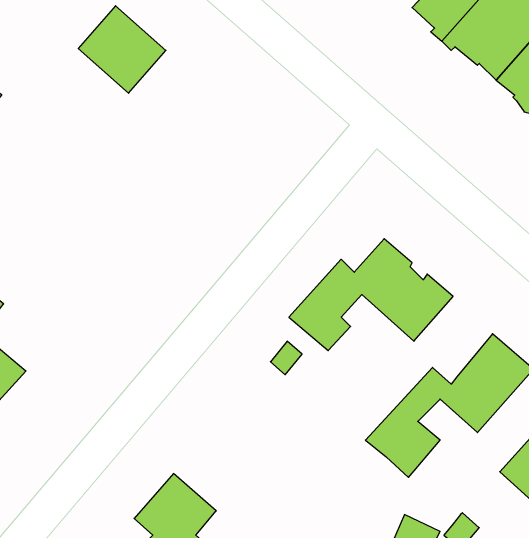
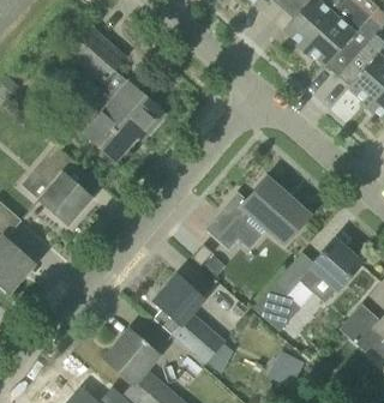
building: none -> [83,82,164,161]
building: none -> [35,145,91,224]
building: none -> [154,273,224,363]

